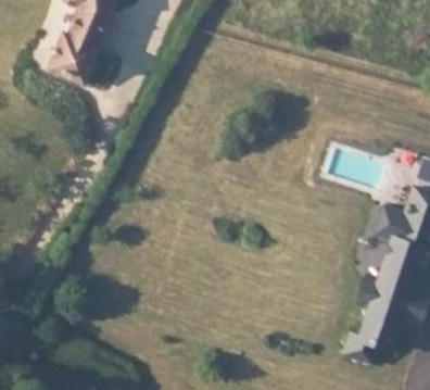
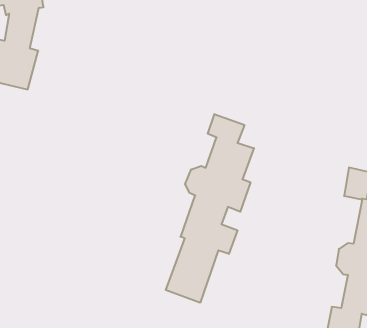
building: none -> [166,114,254,303]

